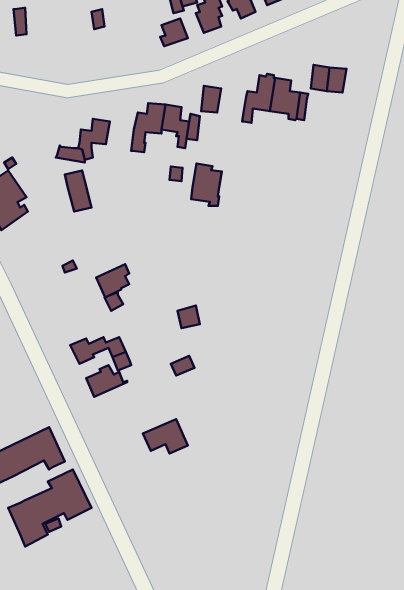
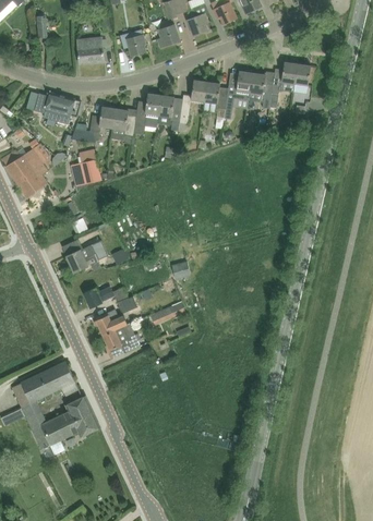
building: none -> [119,29,146,56]
building: none -> [76,37,104,64]
building: none -> [34,93,79,124]
building: none -> [112,109,135,144]
building: [191,163,222,206] -> [203,82,228,117]
building: [96,264,129,297] -> [67,245,94,272]
building: [143,419,188,454] -> [103,324,140,352]

